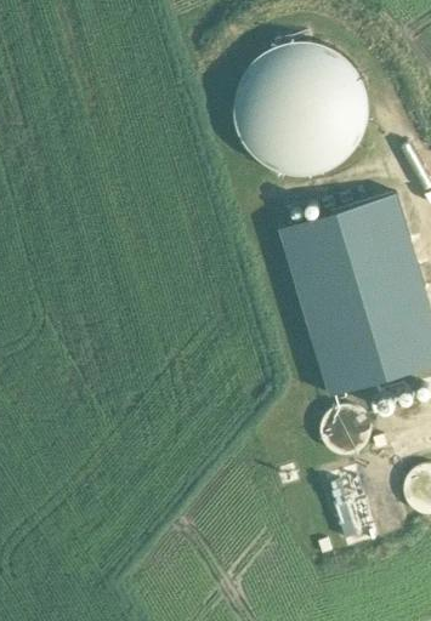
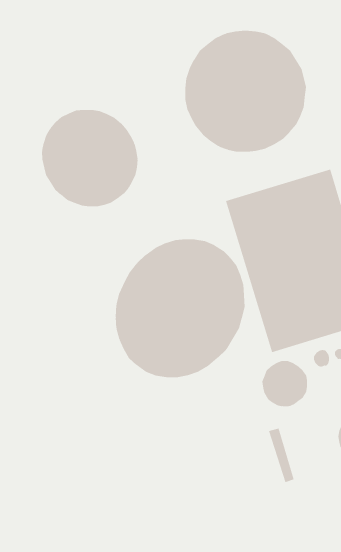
building: none -> [42,109,138,207]
building: none -> [115,238,245,378]

